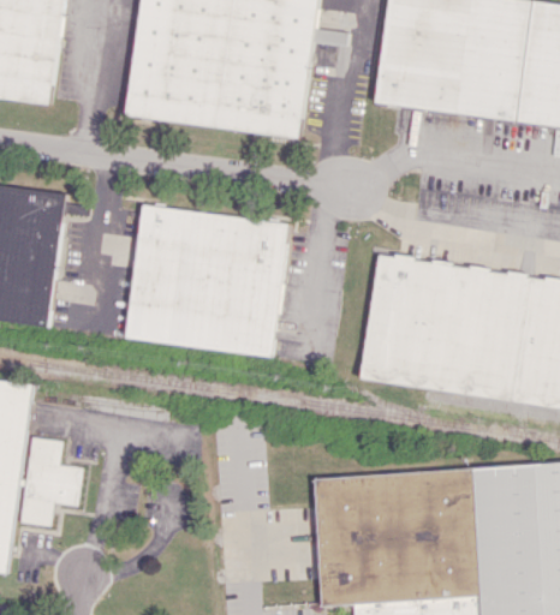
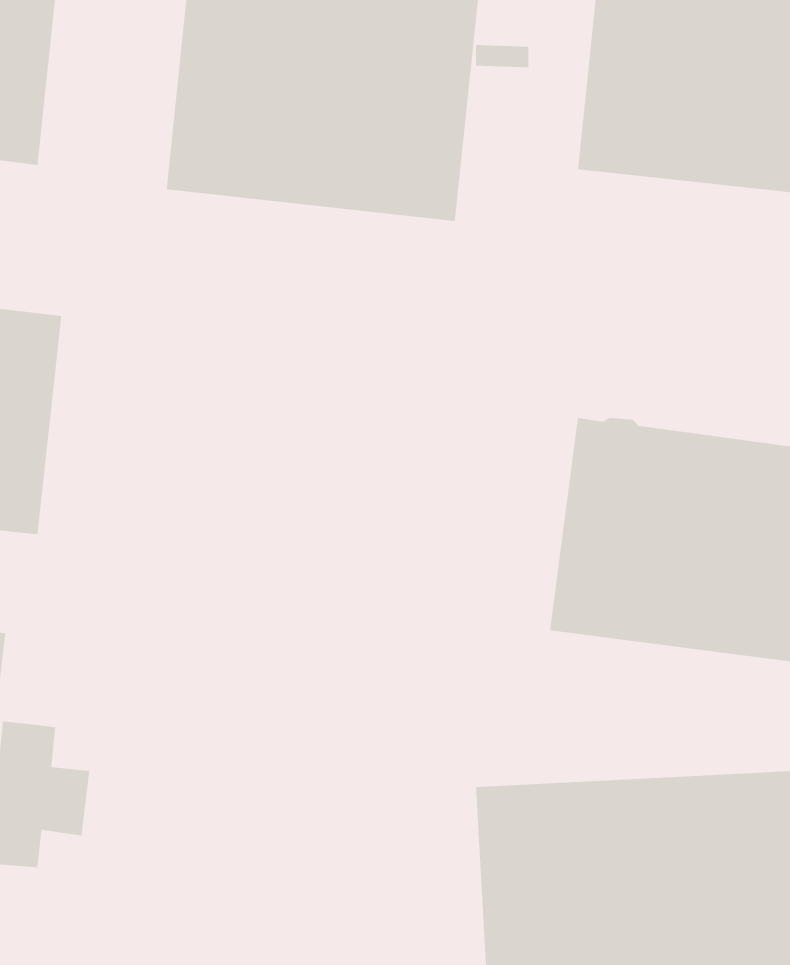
building: [126,204,287,354] -> none

